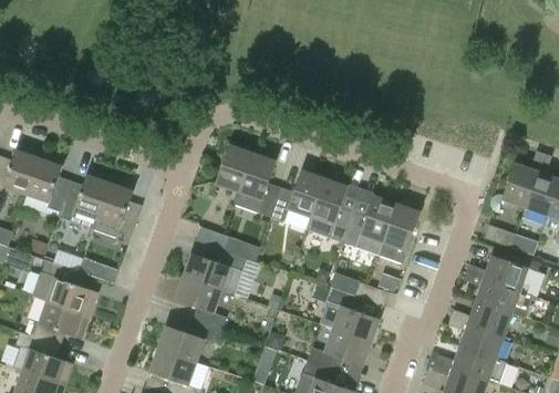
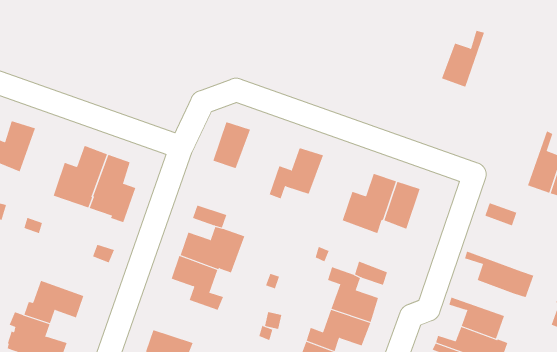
building: [27,152,70,211] -> none
building: [501,152,545,208] -> [441,30,485,88]
building: [235,153,281,217] -> none
building: [308,178,353,242] -> none
building: [466,251,540,292] -> none
building: [32,260,97,317] -> none
building: [451,301,511,337] -> none
building: [157,321,221,363] -> none

